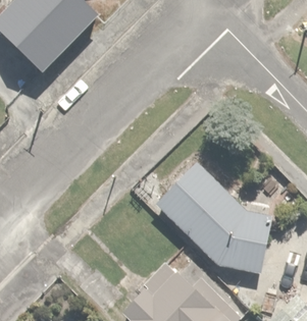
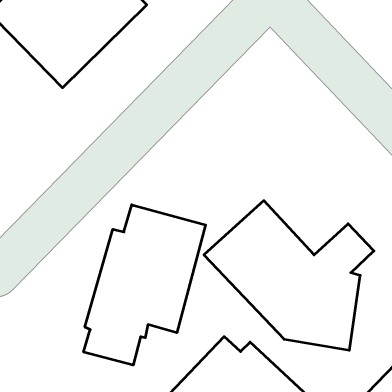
building: none -> [84,205,206,365]

